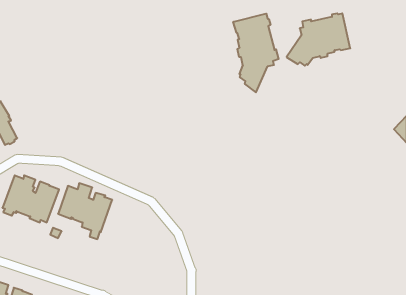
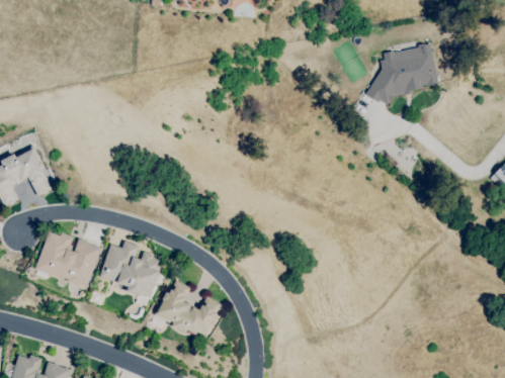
building: [233,14,279,92] -> none
building: none -> [152,280,222,336]

